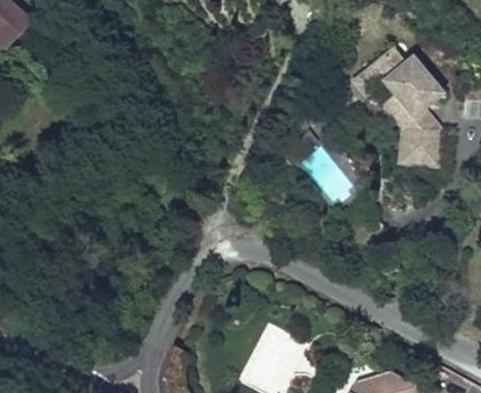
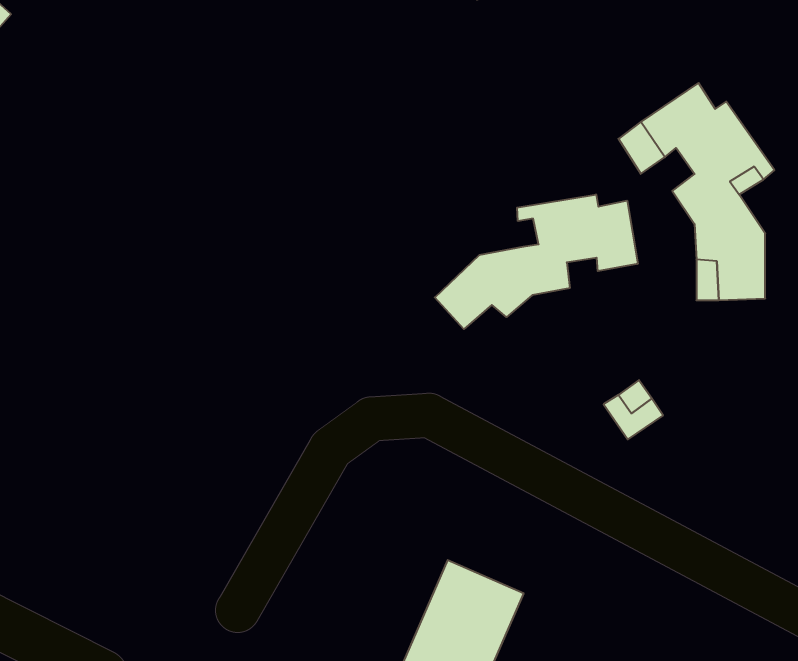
building: none -> [435,194,638,329]

